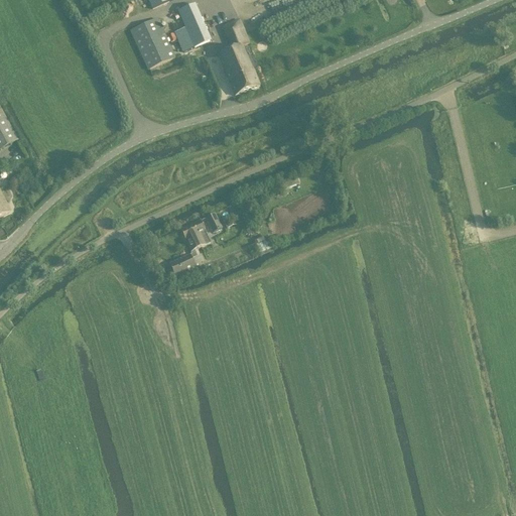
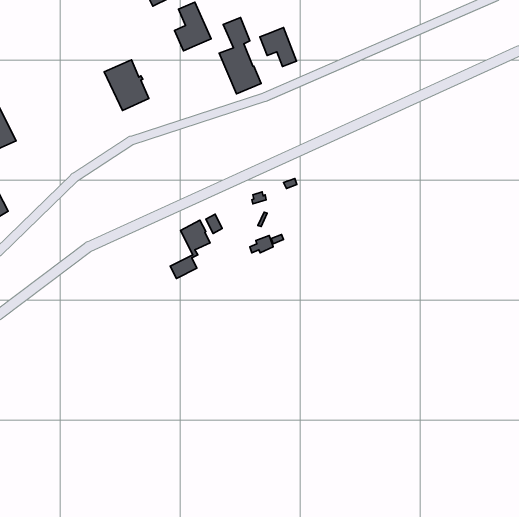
building: [129,16,173,67] -> [104,60,149,111]
building: none -> [260,28,297,67]

